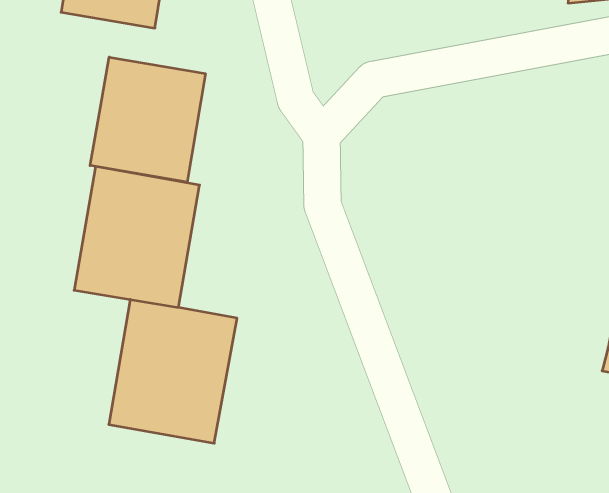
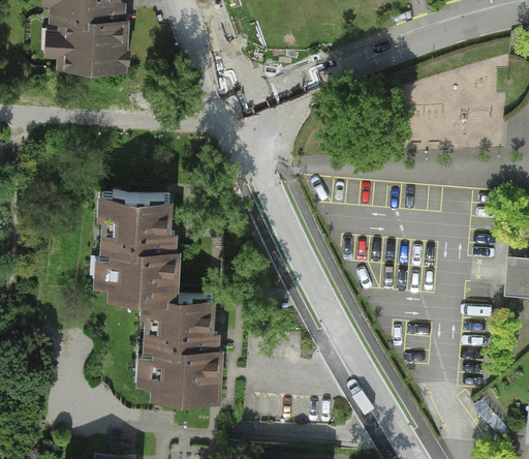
building: [90,57,205,182] -> none

